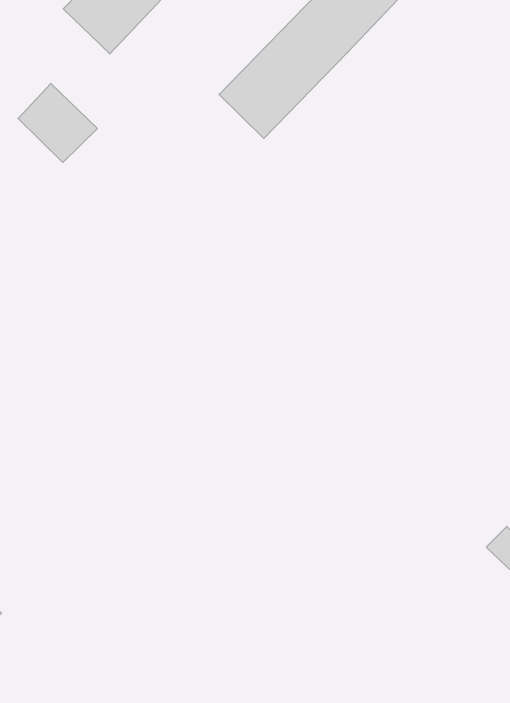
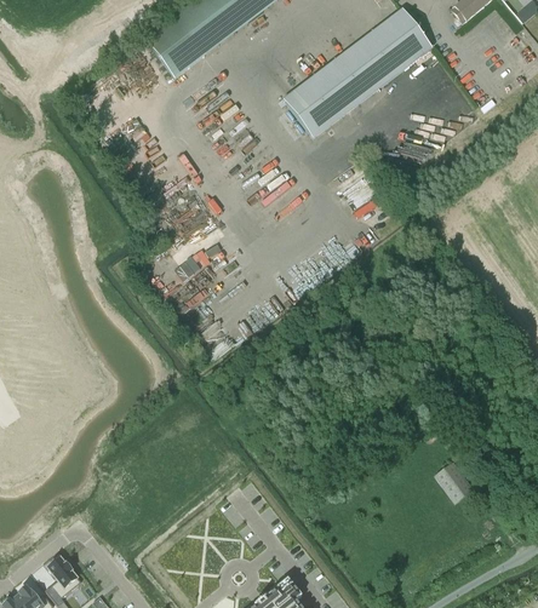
building: [18,83,97,162] -> [145,15,205,76]

